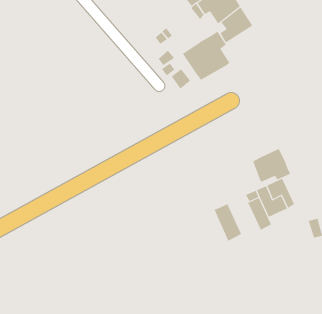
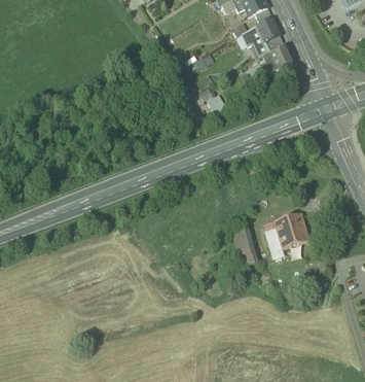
building: [182,31,230,81] -> none
building: [252,148,291,183] -> none

